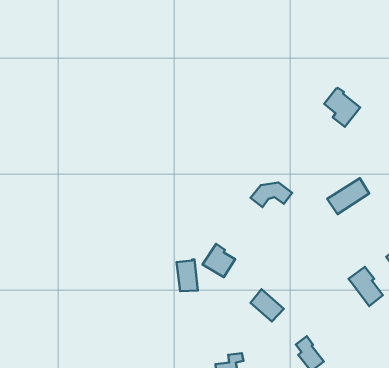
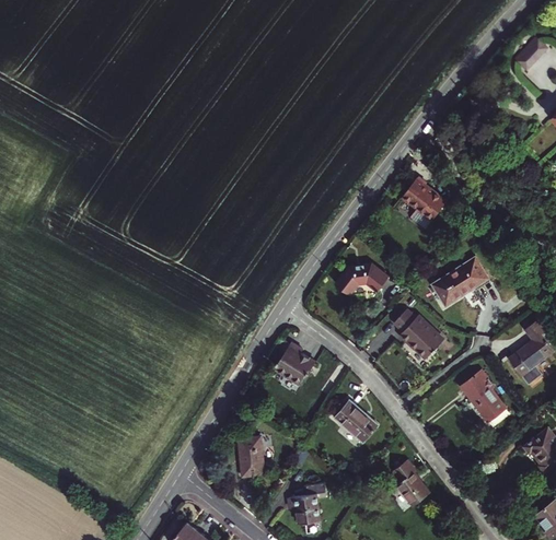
building: [324,88,360,127] -> [399,177,445,227]
building: none -> [393,308,444,356]
building: [177,260,198,291] -> [236,435,264,476]

